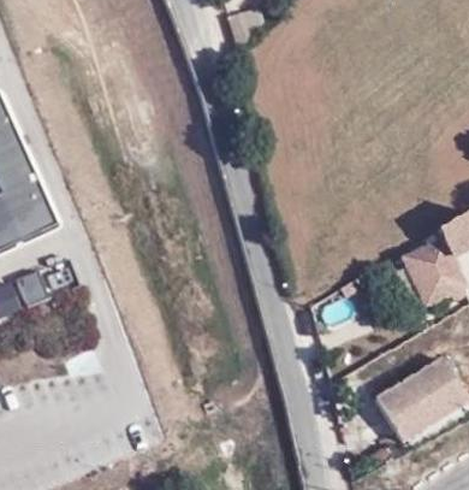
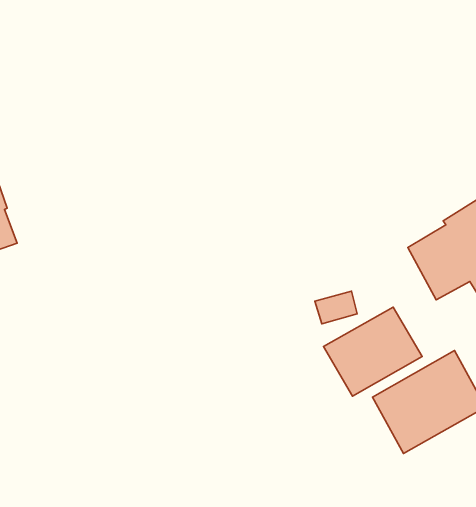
building: none -> [323,307,422,396]

